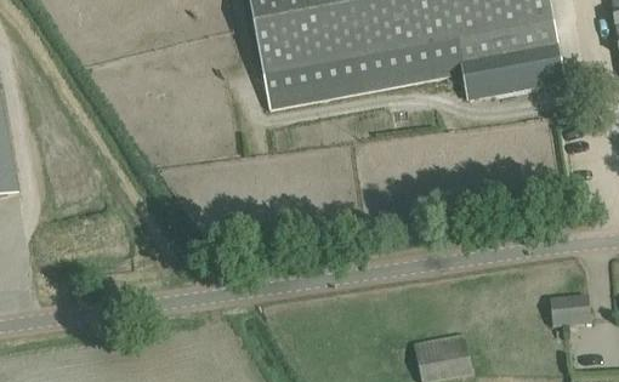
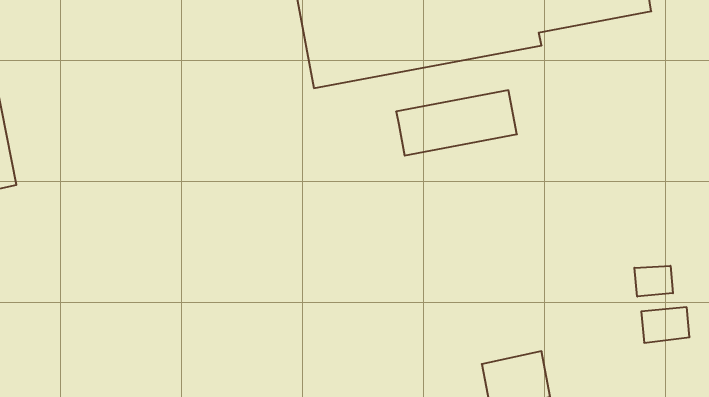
building: [461,42,564,98] -> [396,90,517,156]
building: none -> [634,266,673,297]

